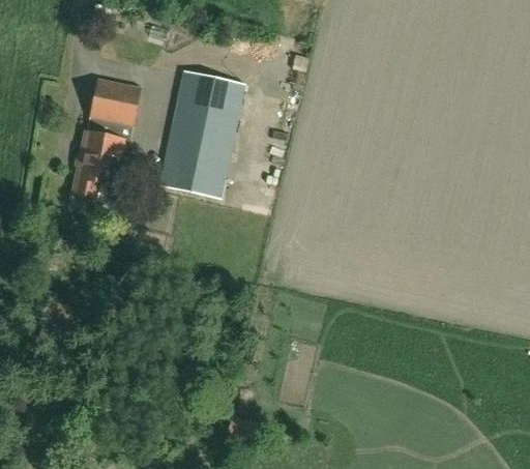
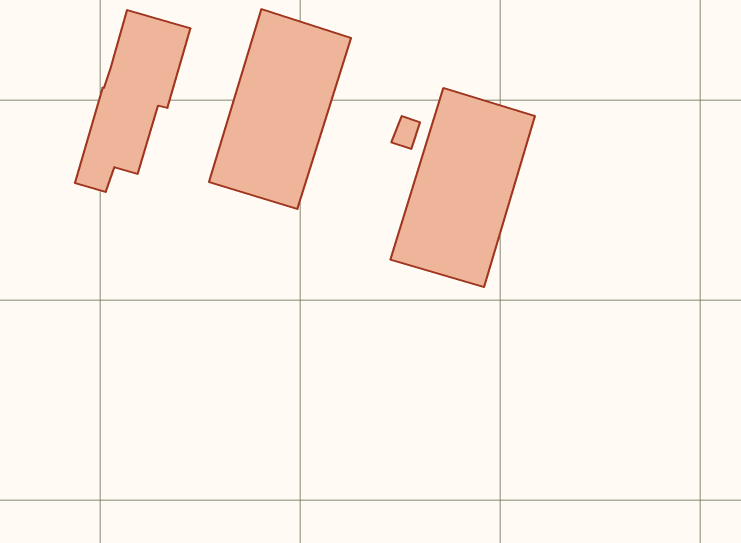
building: none -> [390,88,535,287]

